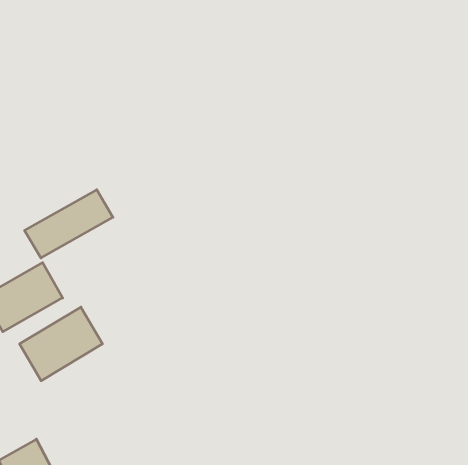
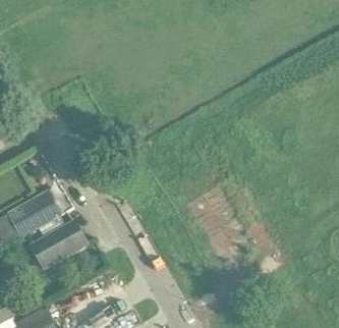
building: [25,190,113,258] -> none

